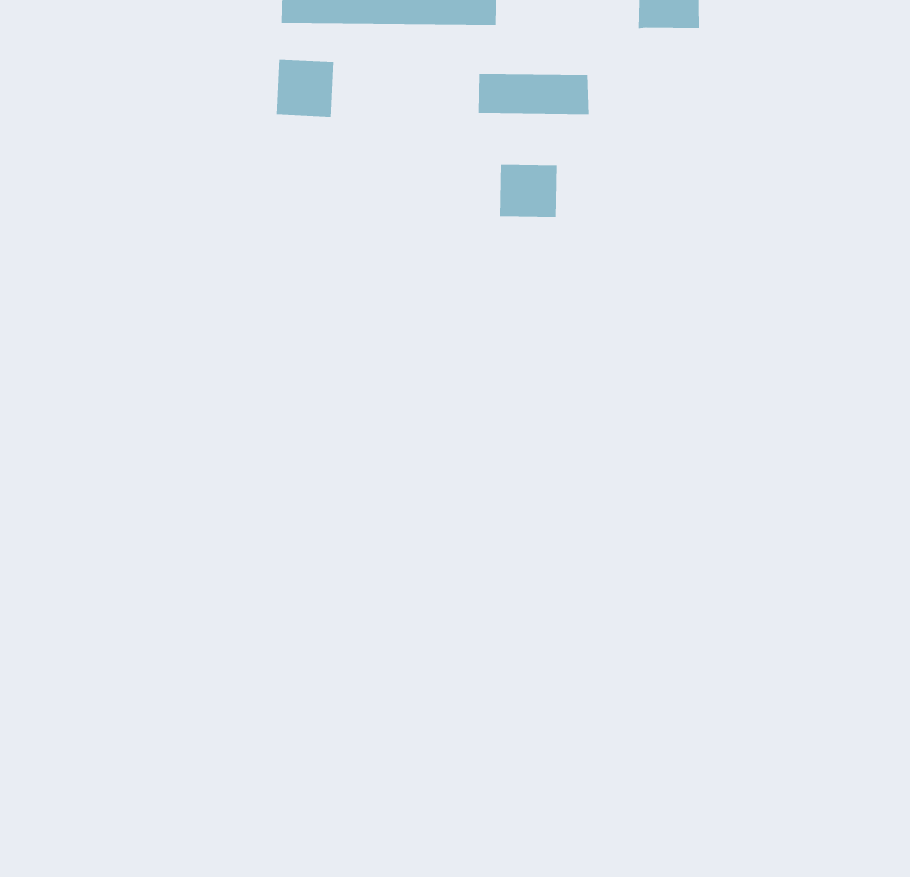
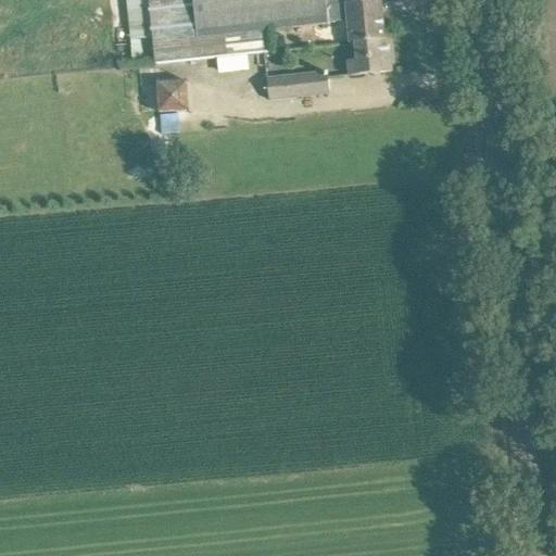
building: none -> [345,37,390,74]
building: [500,164,557,218] -> none

